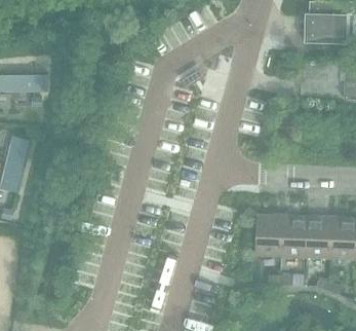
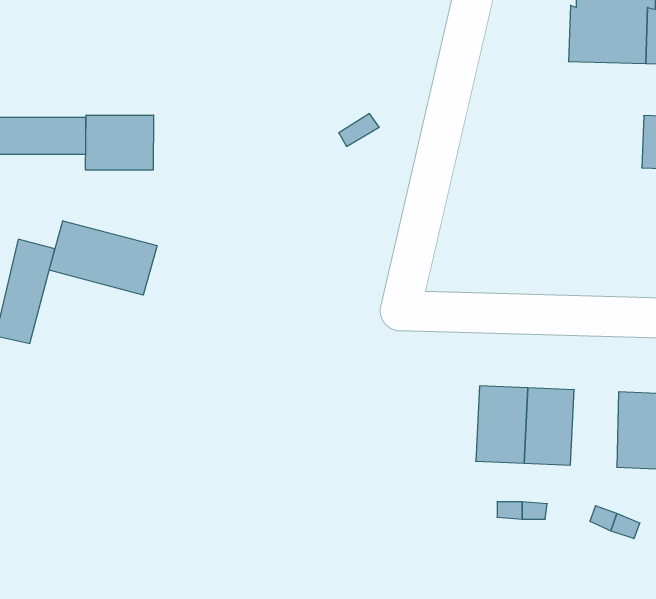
building: none -> [86,115,154,170]
building: none -> [49,221,157,295]
building: [306,217,331,258] -> none

